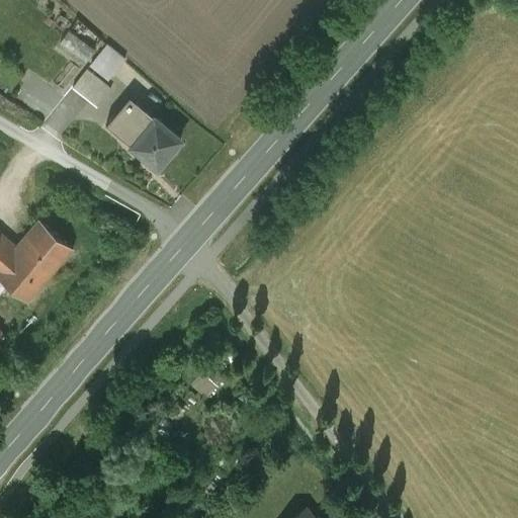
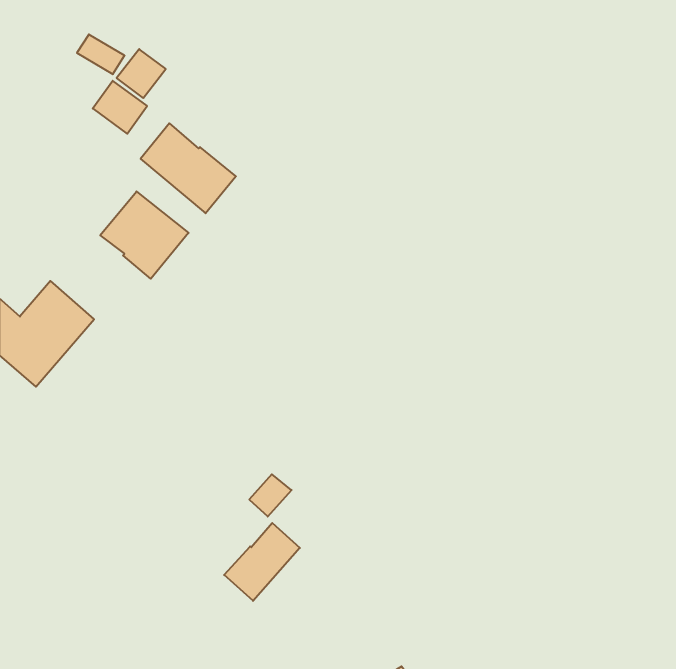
building: none -> [100,191,189,279]
building: none -> [224,523,300,601]

